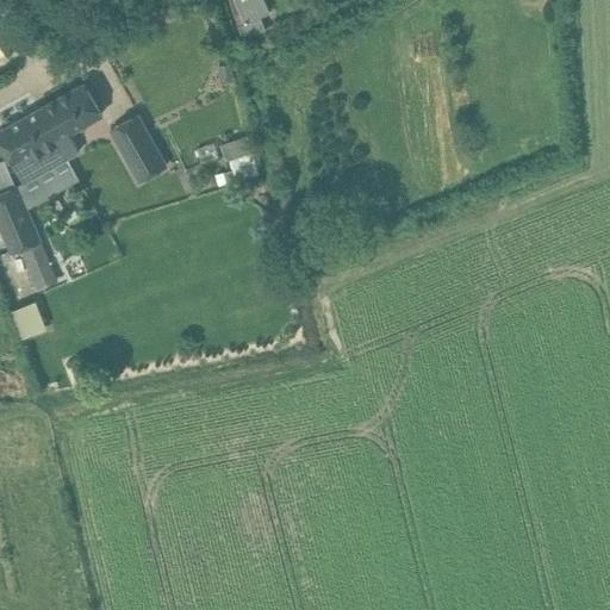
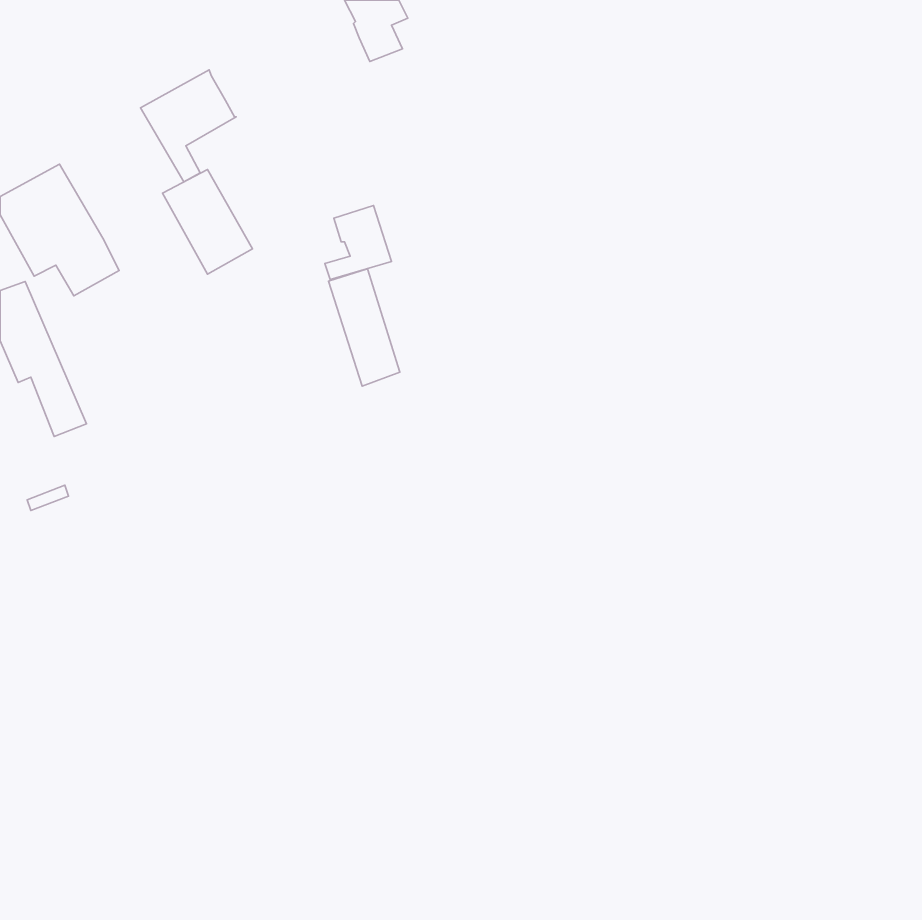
building: [39,85,102,158] -> [141,70,236,182]
building: none -> [328,269,400,386]

